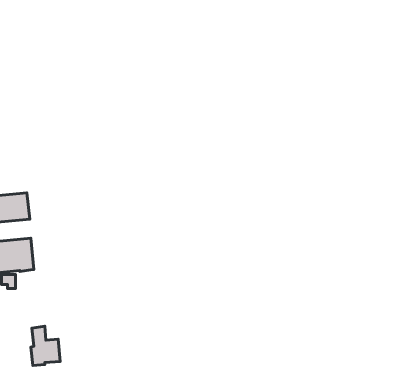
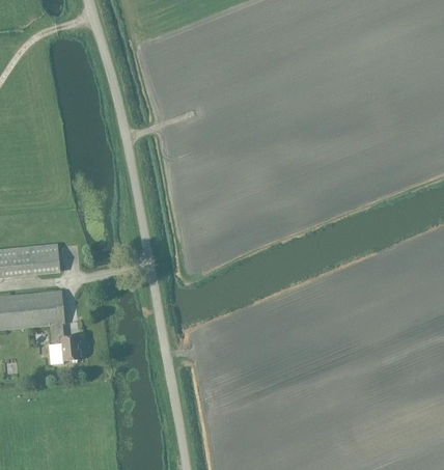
building: [31,326,60,365] -> [49,322,79,362]

